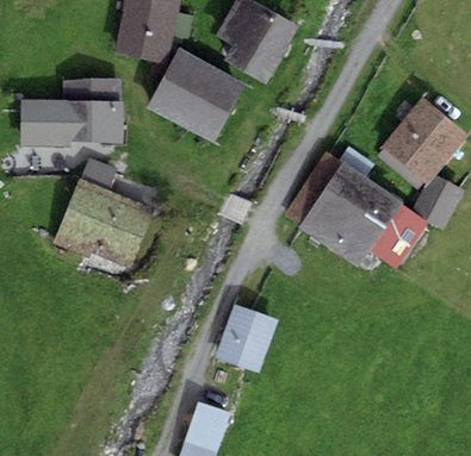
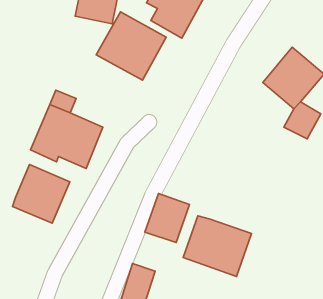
building: [20,79,124,148] -> none
building: [286,154,427,268] -> none
building: none -> [13,164,70,223]
building: none -> [183,216,252,276]

